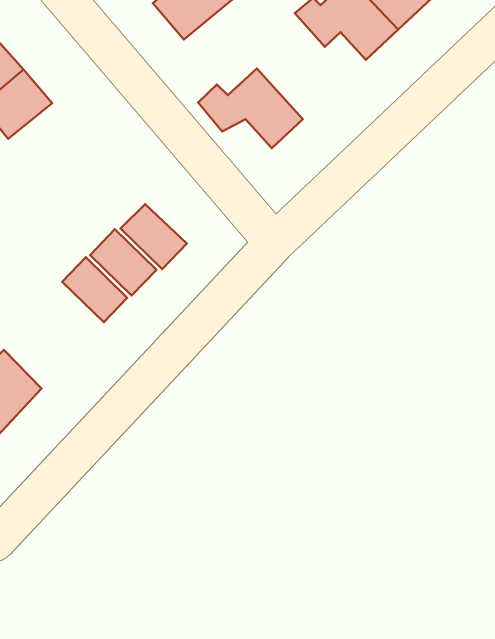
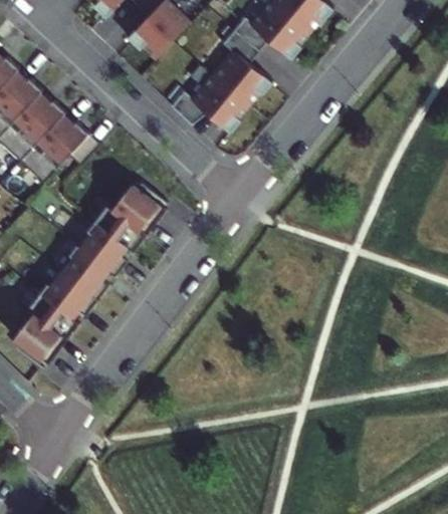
building: none -> [205,27,266,104]
building: none -> [28,114,81,168]
building: none -> [63,250,114,296]
building: none -> [45,275,95,322]

